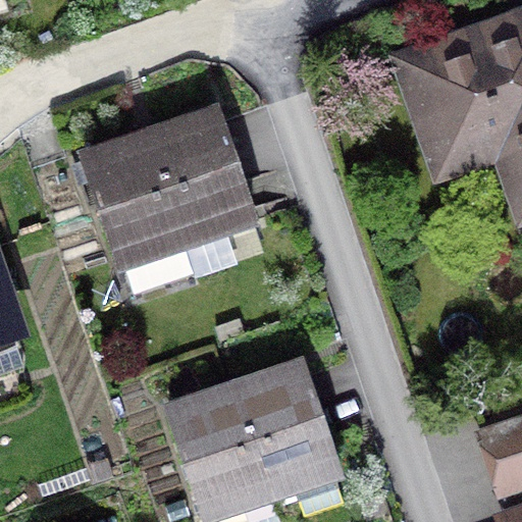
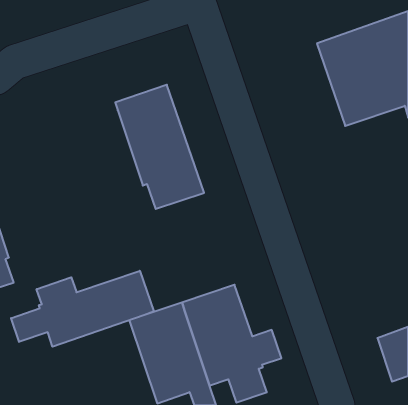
building: [68,129,188,285] -> none
building: none -> [11,271,154,347]

